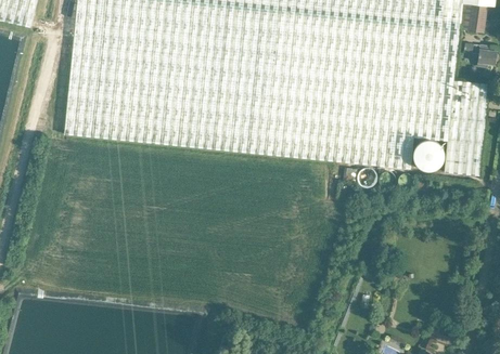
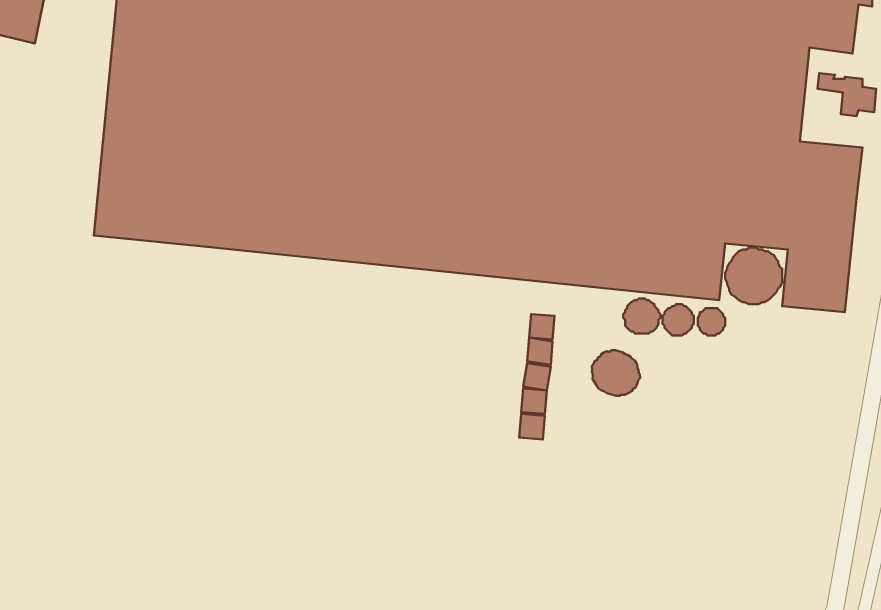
building: none -> [592,350,640,396]

